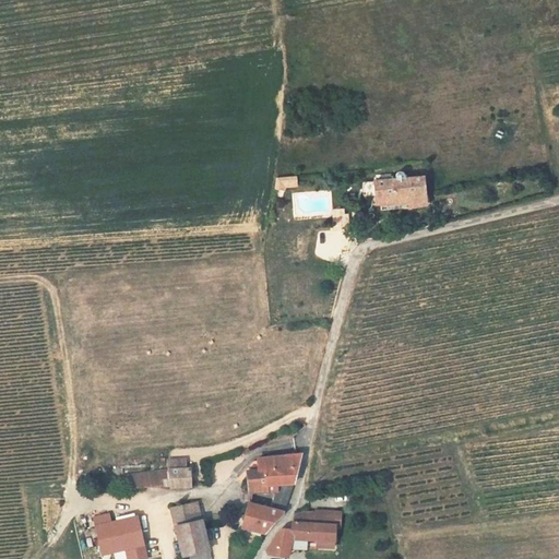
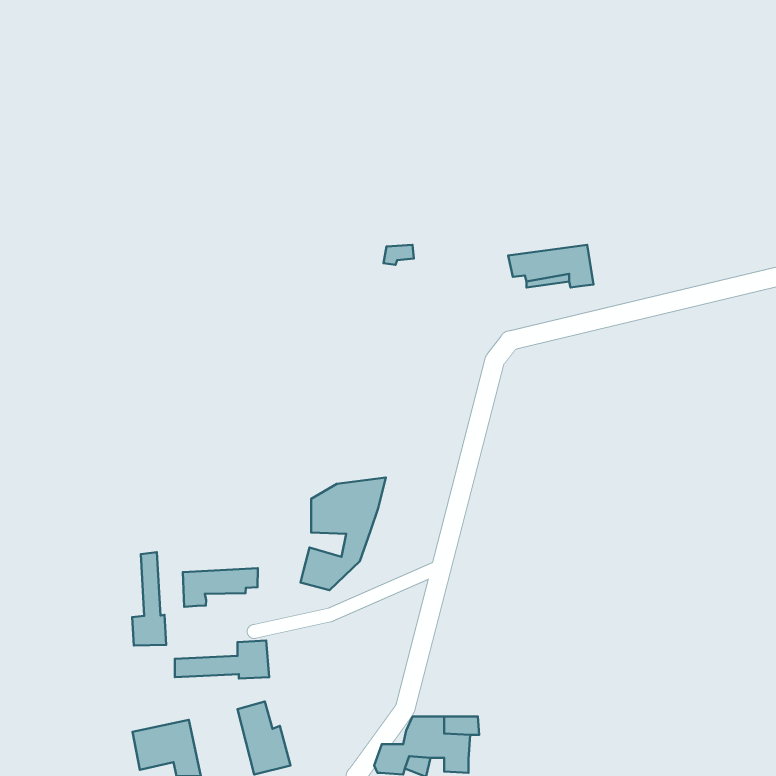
building: none -> [132,552,166,646]
building: none -> [183,568,258,607]
building: [238,452,299,533] -> [300,478,386,590]

